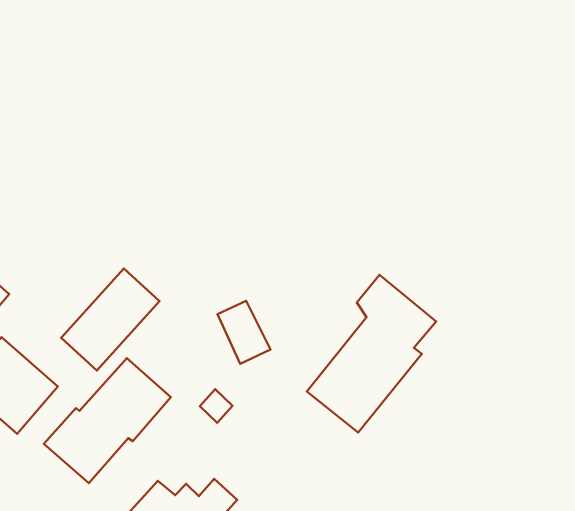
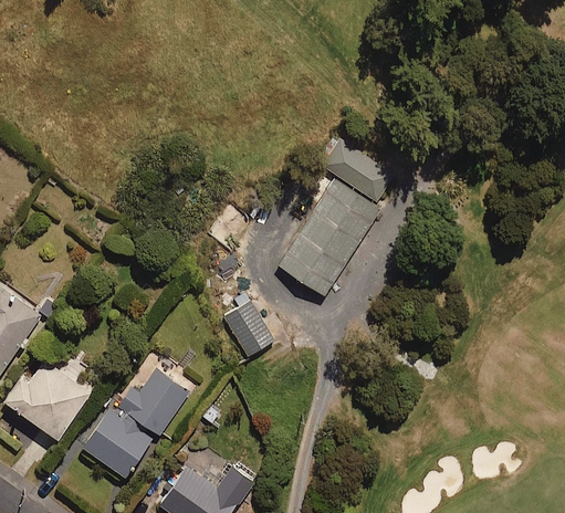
building: [61,268,159,371] -> none
building: [307,275,436,433] -> [290,146,398,287]

